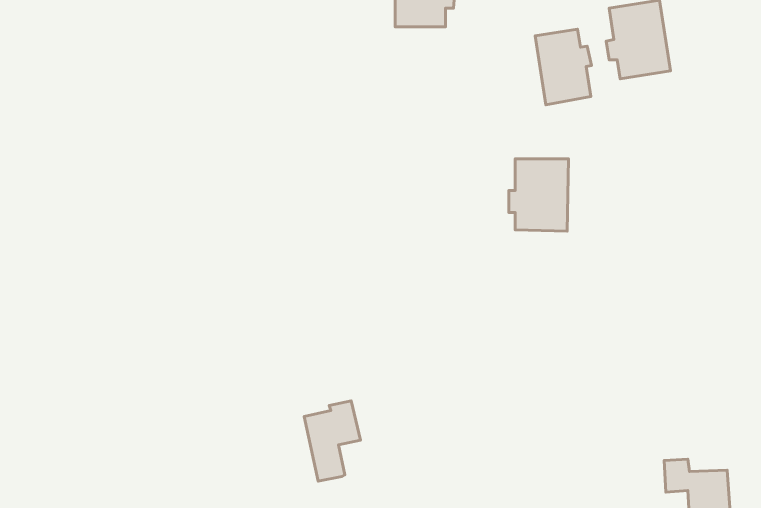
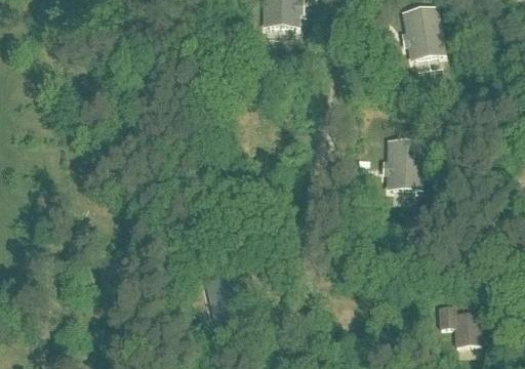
building: [535,29,591,105] -> none
building: [509,159,569,231] -> [383,140,422,188]

